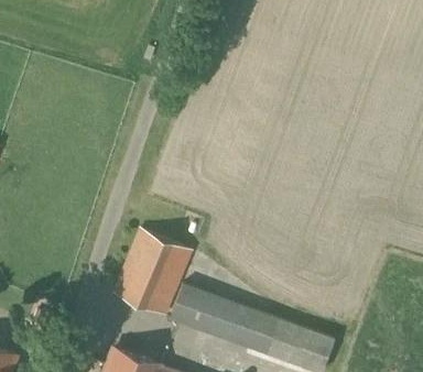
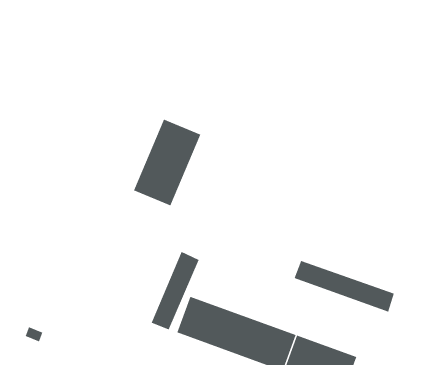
building: [115,230,176,309] -> [133,119,201,206]
building: none -> [294,260,394,313]

